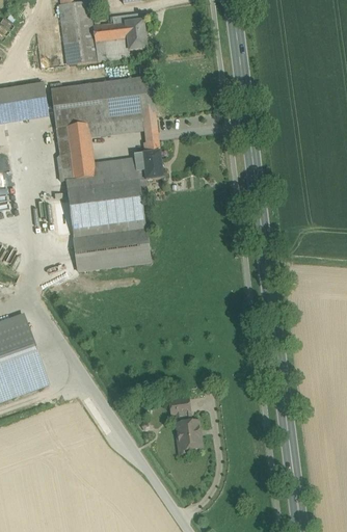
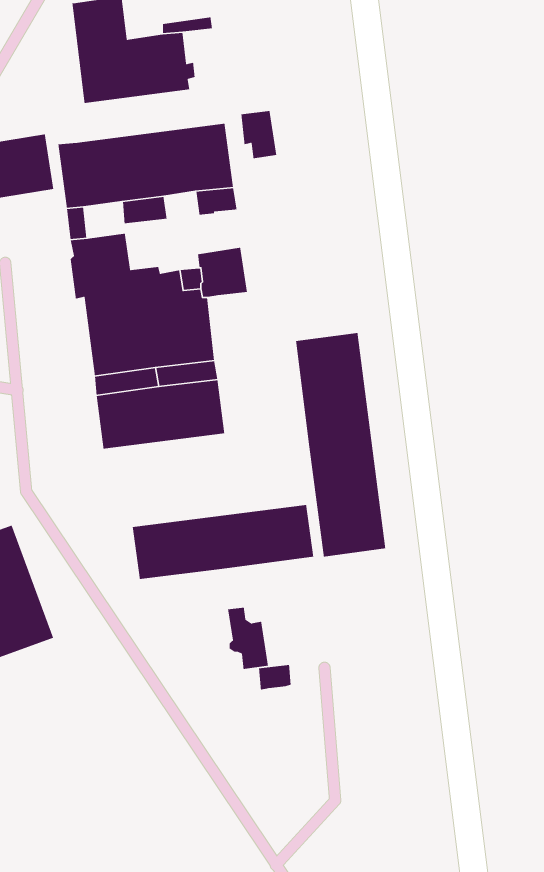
building: [125,19,146,48] -> [240,110,277,159]
building: [65,122,90,143] -> none
building: none -> [295,332,386,557]
building: none -> [132,504,314,580]
building: [176,410,201,448] -> [227,607,269,670]

